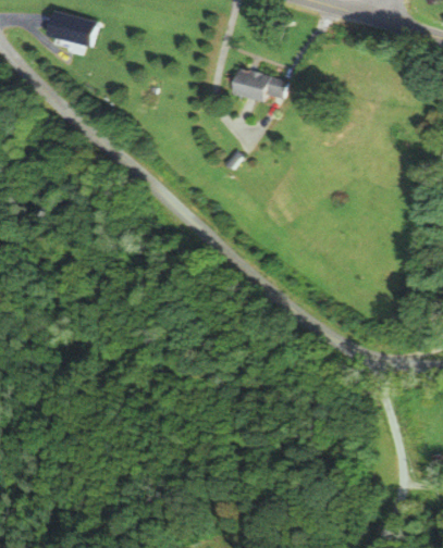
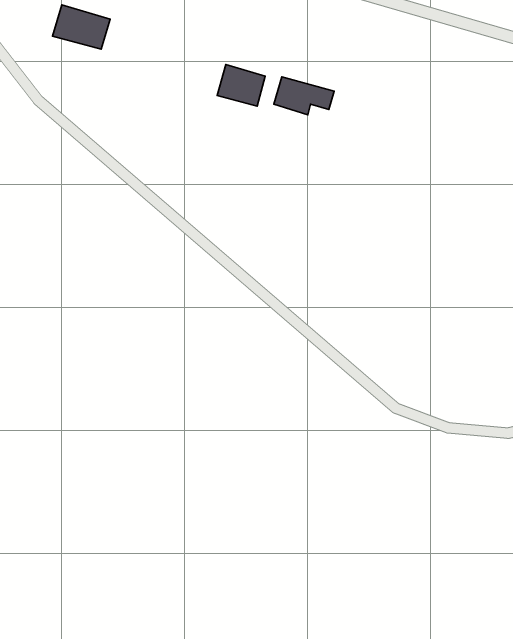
building: none -> [217,64,265,106]

